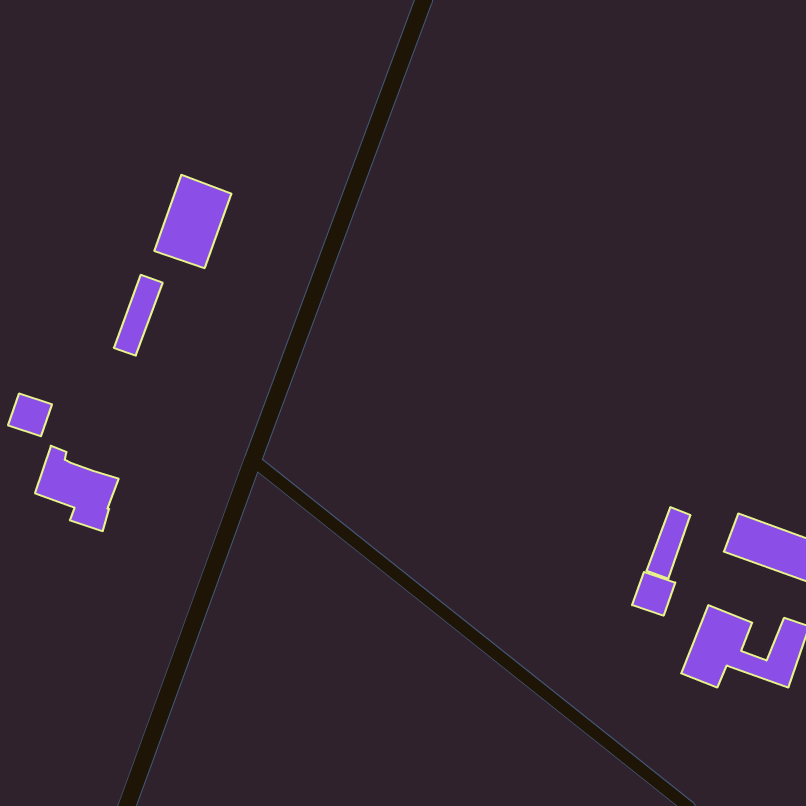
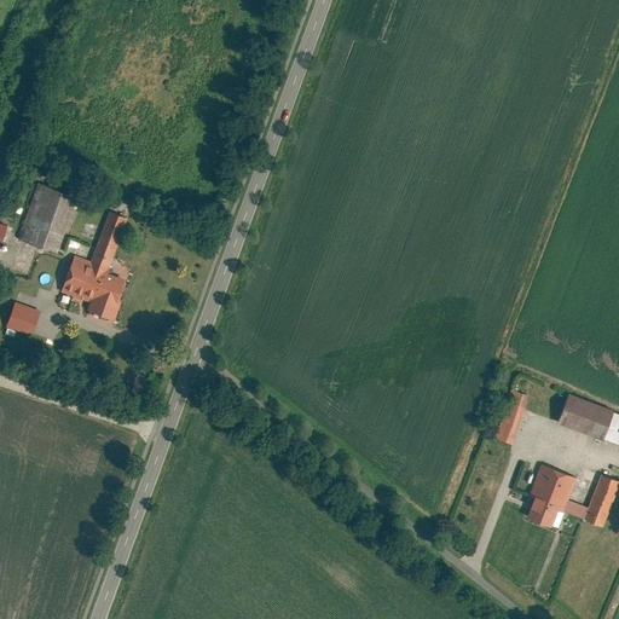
building: [154,175,232,268] -> [19,183,79,254]
building: [35,446,119,531] -> [60,254,125,319]
building: [632,572,675,616] -> none

